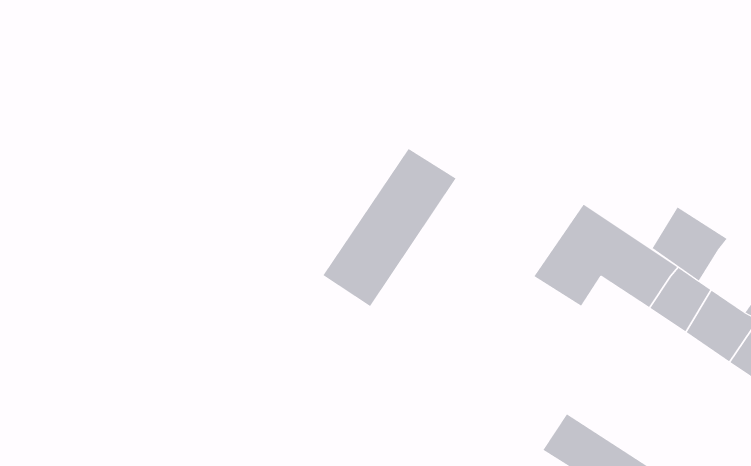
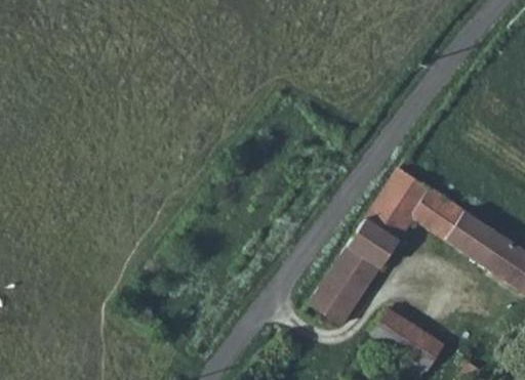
building: [322,148,457,307] -> [309,217,400,325]
building: [652,206,728,281] -> none

